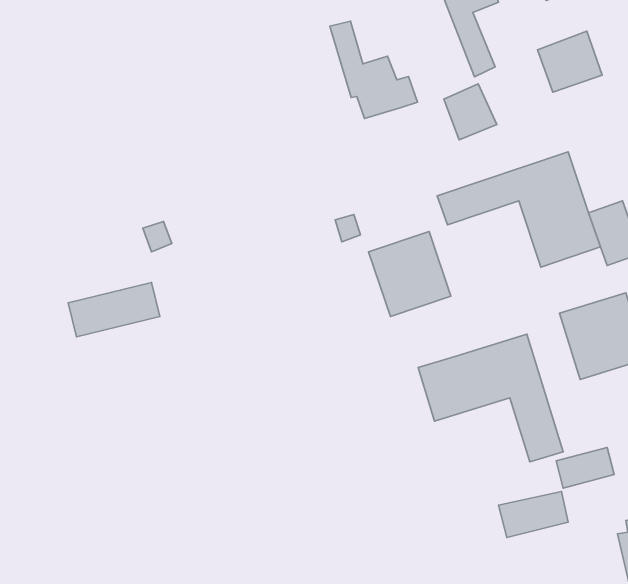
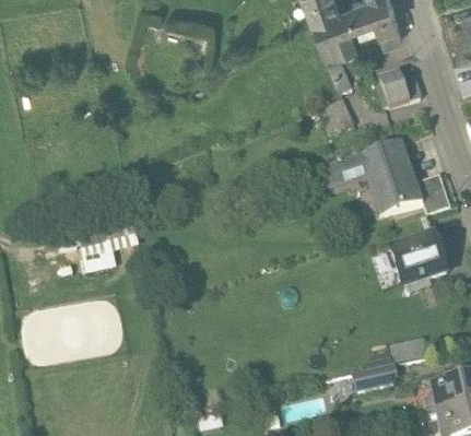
building: [330,21,418,118] -> none
building: [369,231,451,317] -> none
building: [418,334,563,462] -> none

